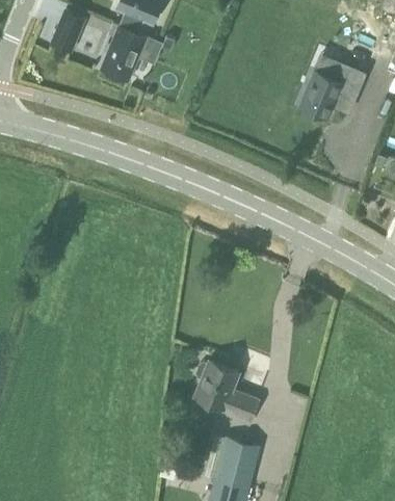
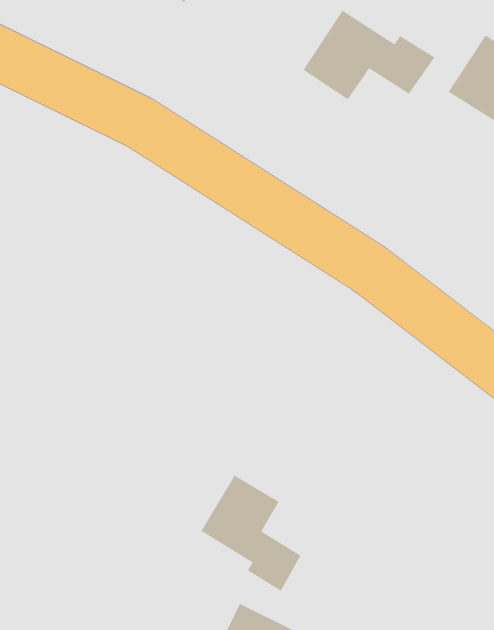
building: none -> [303,10,435,100]

